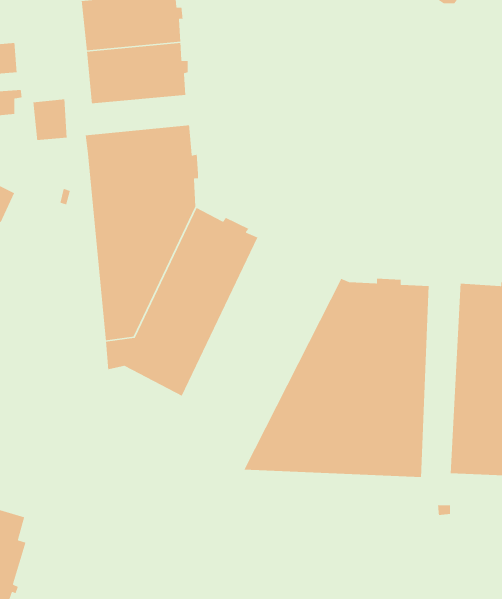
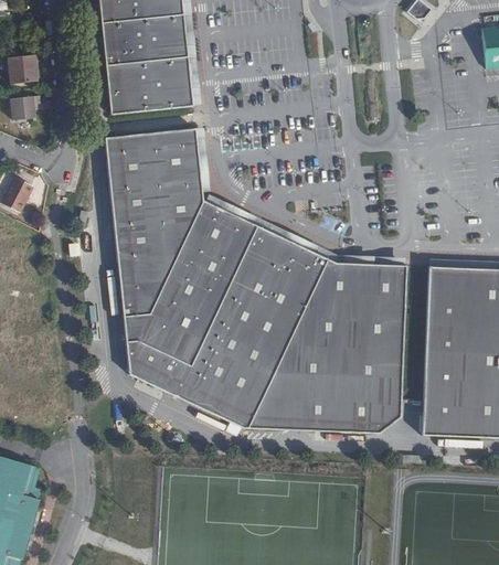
building: [33,99,68,141] -> none
building: none -> [123,225,326,428]

